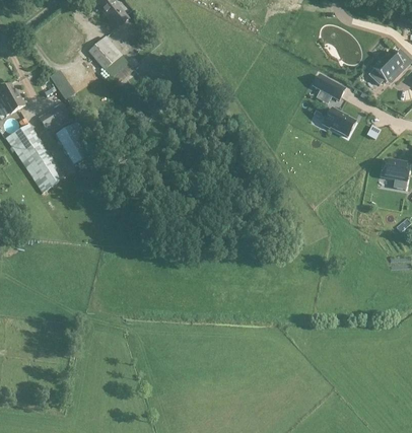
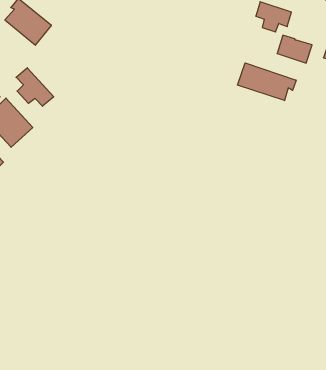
building: none -> [16,68,54,106]
building: none -> [238,63,296,101]

